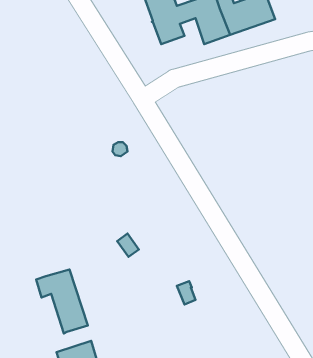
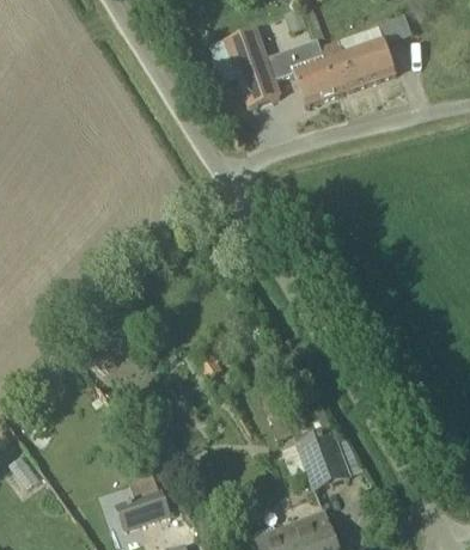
building: [36,270,88,333] -> none
building: none -> [297,430,350,489]

